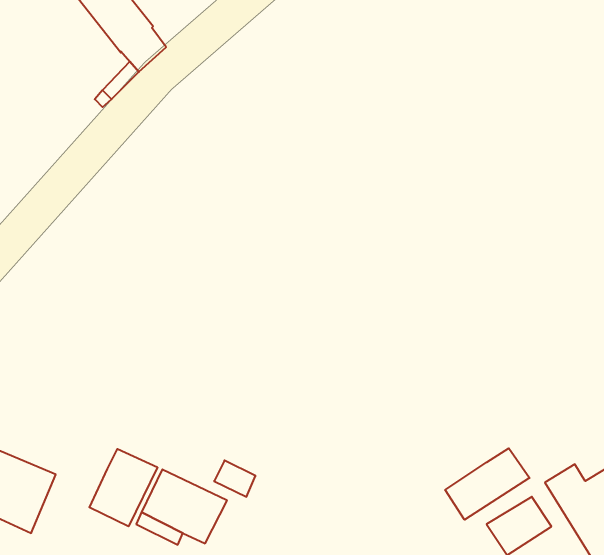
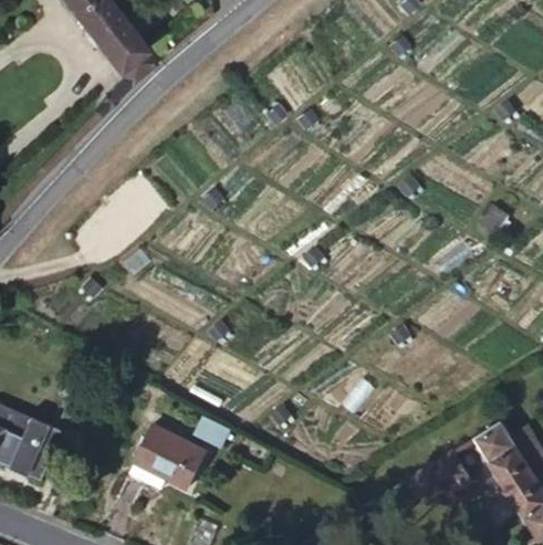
building: [445,448,530,520] -> none
building: [89,449,157,526] -> none

